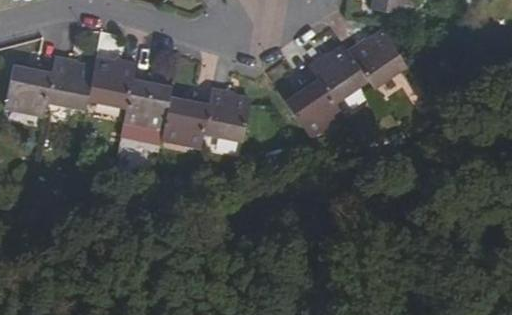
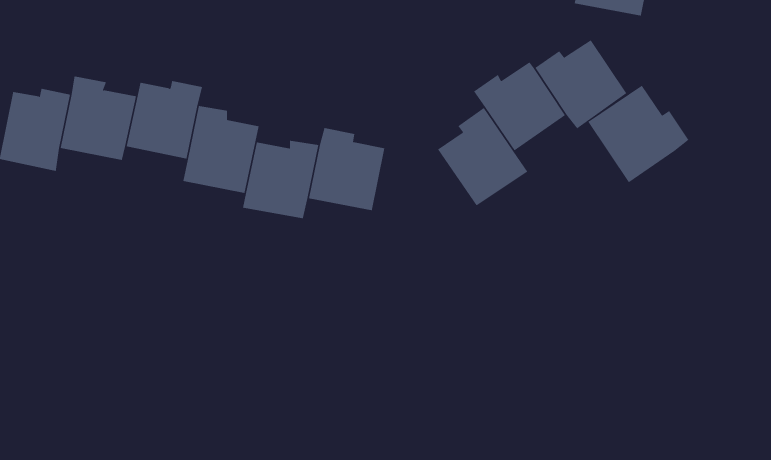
building: none -> [587,85,689,183]

